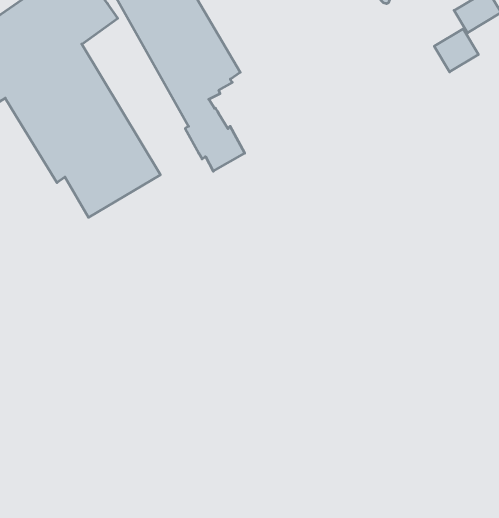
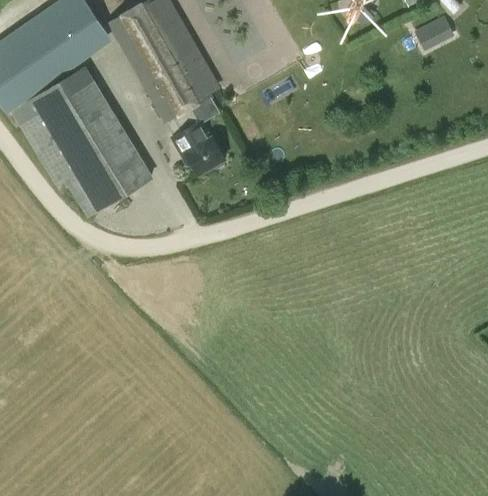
building: [434,29,478,72] -> none

